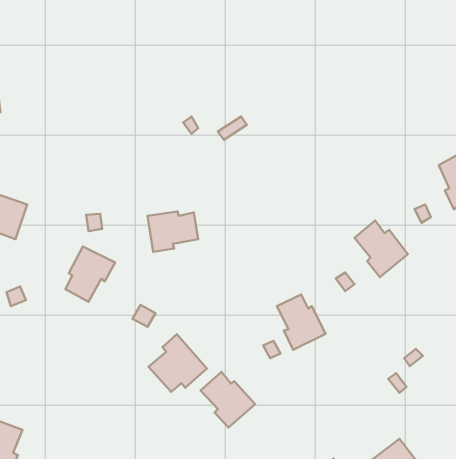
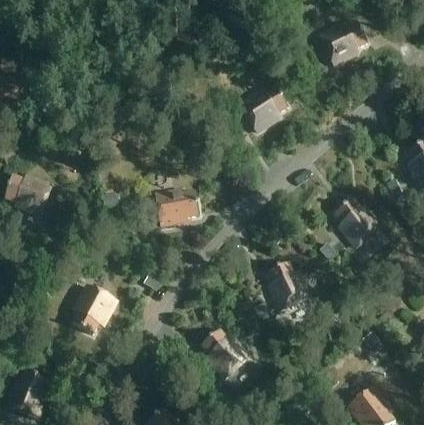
building: none -> [319,23,367,65]
building: none -> [239,88,287,132]
building: [65,246,115,302] -> [72,287,115,335]
building: [149,334,207,392] -> none

